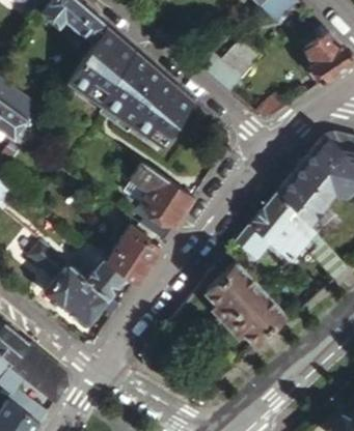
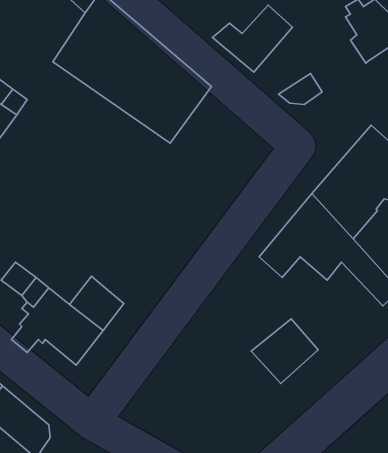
building: [130,163,194,240] -> none
building: [106,224,159,284] -> none
building: [205,260,261,315] -> none

